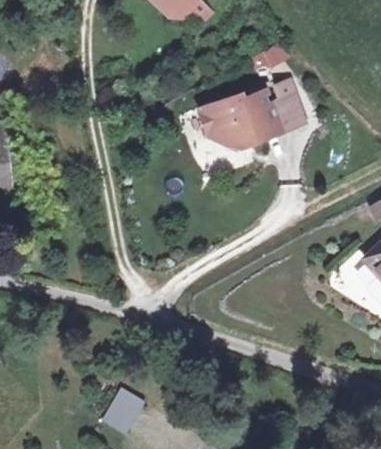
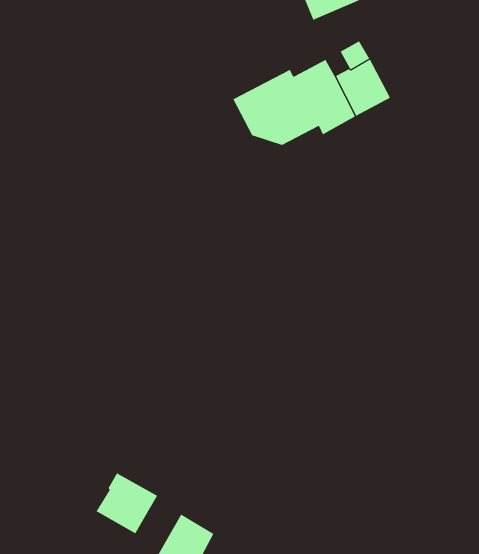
building: none -> [96,473,158,534]

